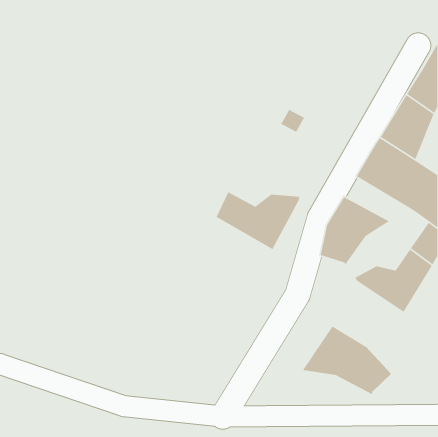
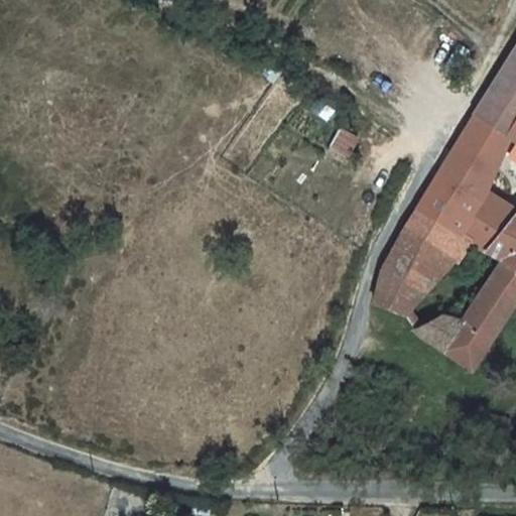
building: none -> [404,208,481,260]
building: [216,191,300,250] -> none
building: [302,325,392,396] -> none

